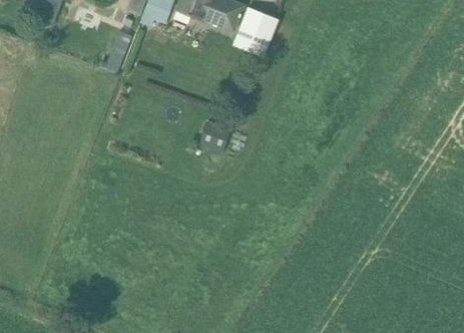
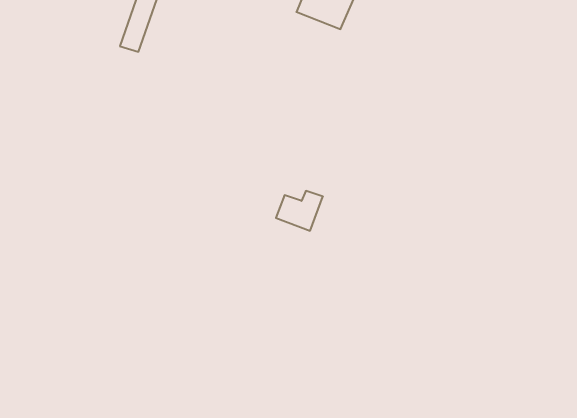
building: [197,123,230,151] -> [276,191,323,231]

